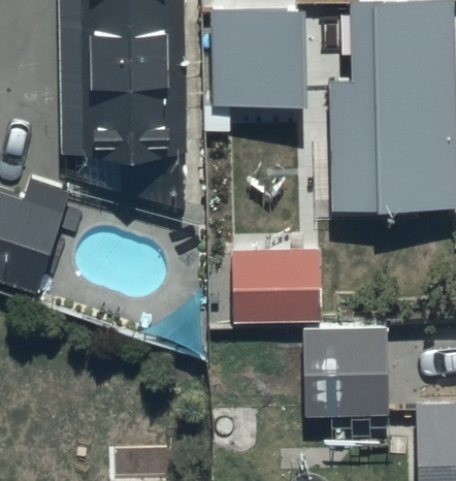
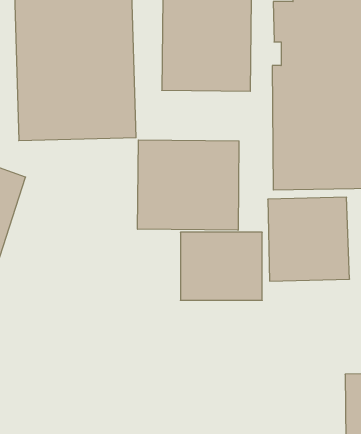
building: none -> [138,140,239,230]
building: [303,330,389,418] -> [268,197,350,281]

